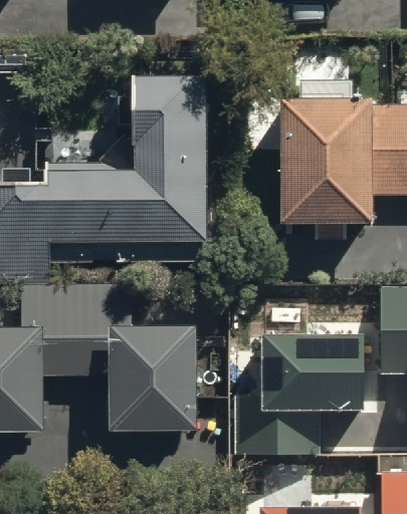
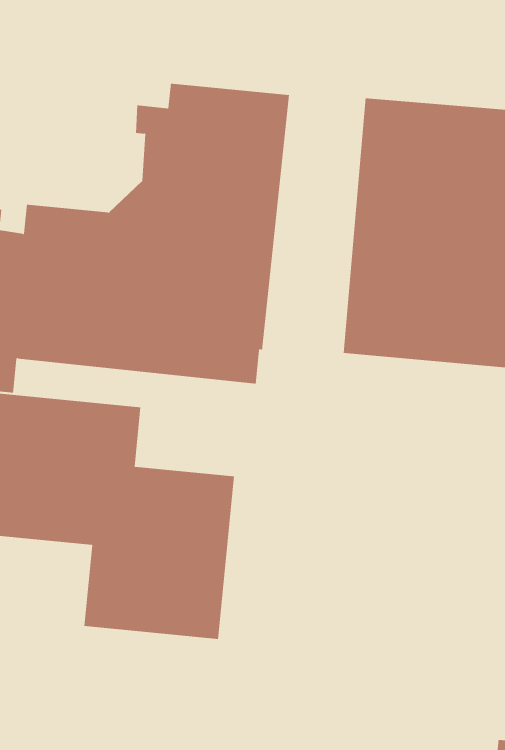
building: [235,336,362,453] -> none

